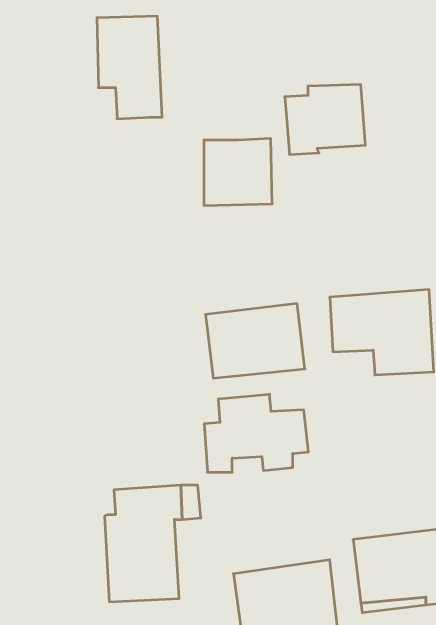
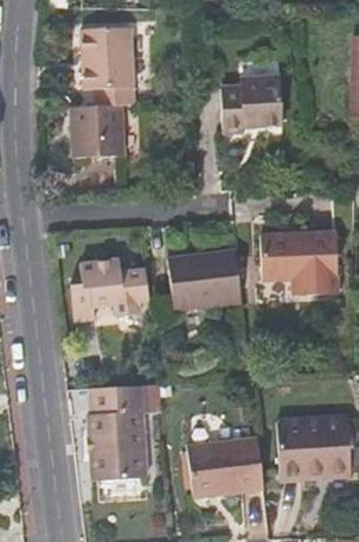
building: [204,139,272,205] -> [70,102,122,153]
building: [204,394,308,472] -> [66,253,146,312]

